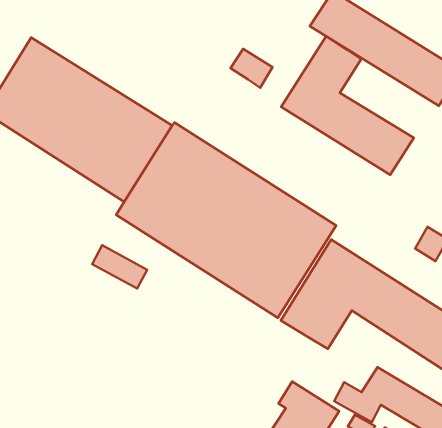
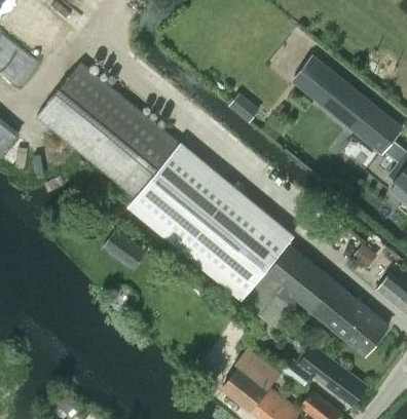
building: [281,36,414,175] -> none

